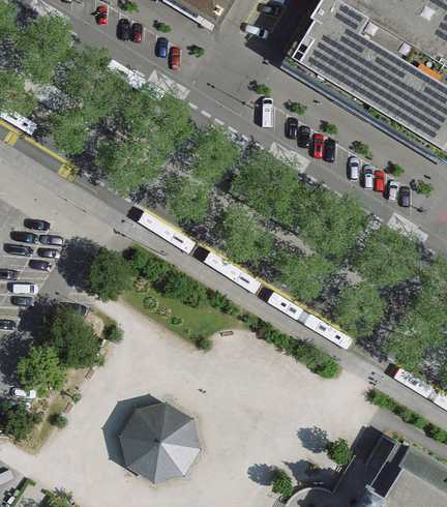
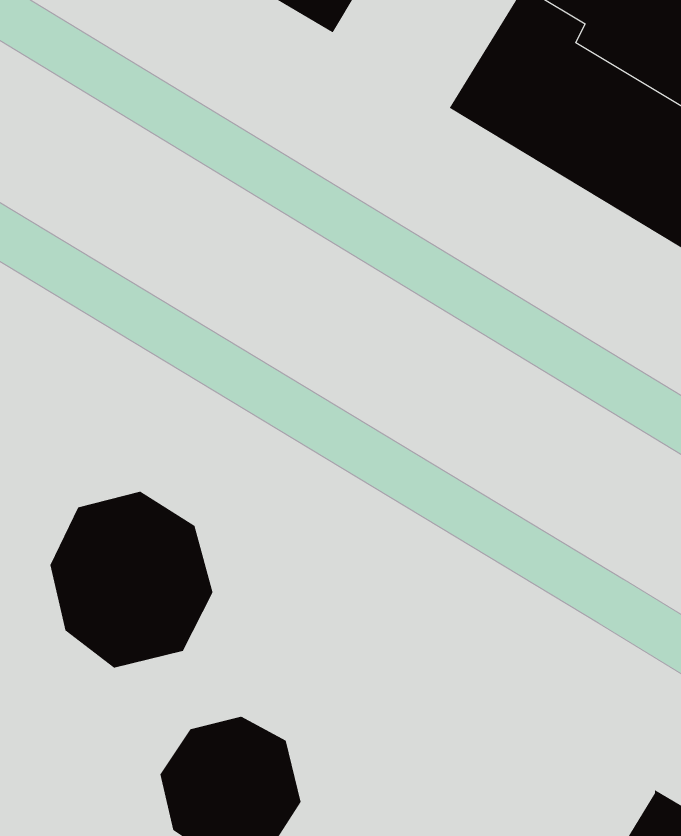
building: none -> [50,491,213,668]

